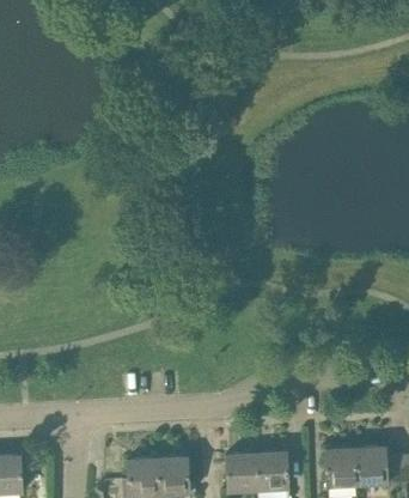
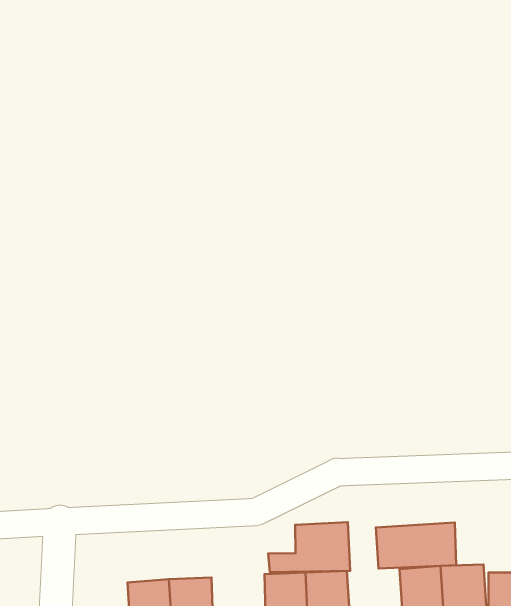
building: none -> [268,522,350,572]
building: none -> [376,522,456,569]

